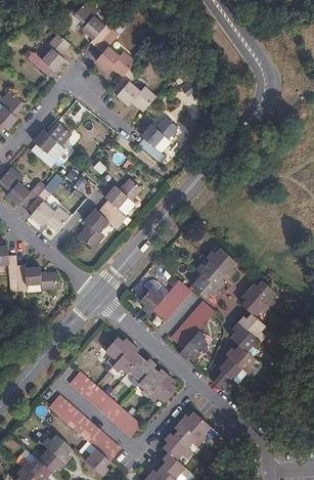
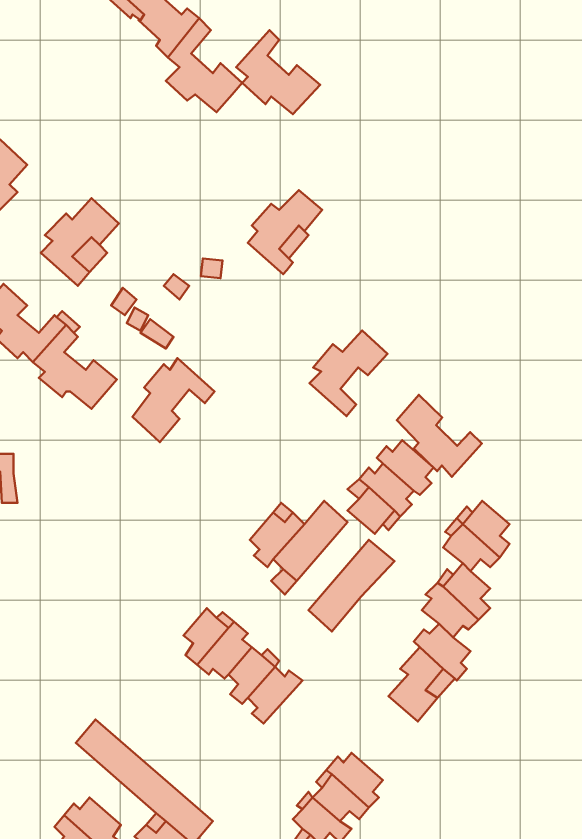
building: [23,33,70,74] -> none
building: [113,67,156,111] -> [236,30,320,114]
building: [101,177,142,222] -> [309,330,388,416]
building: none -> [397,395,482,477]
building: [15,264,56,291] -> none
building: [178,330,207,360] -> none
building: [69,370,140,436] -> none
building: [146,374,175,401] -> none

